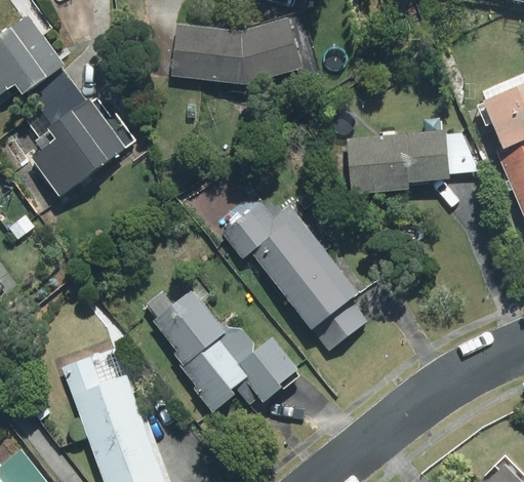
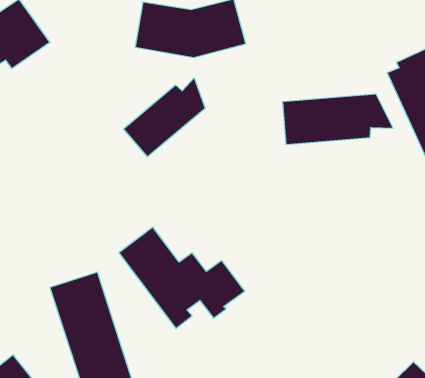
building: [26,70,122,198] -> none
building: none -> [124,78,205,157]
building: [219,188,370,349] -> none

